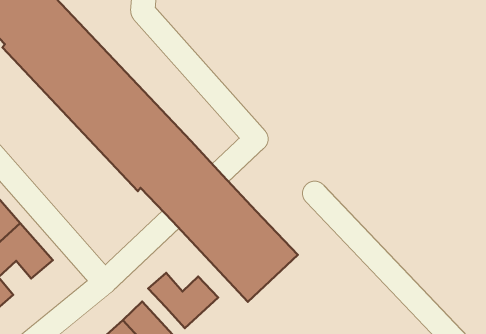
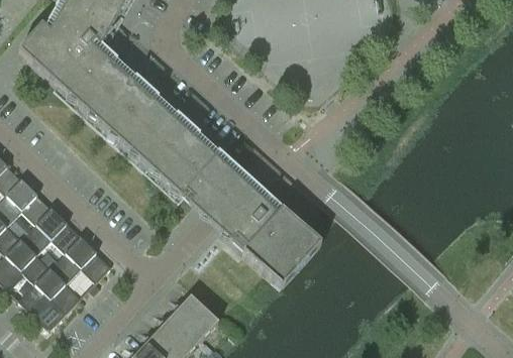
building: [148,273,218,328] -> none

